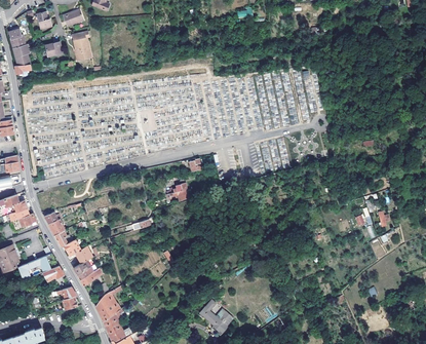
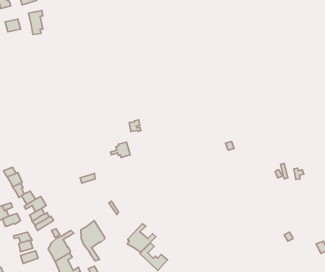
building: none -> [81,221,105,261]
building: none -> [127,224,156,252]

